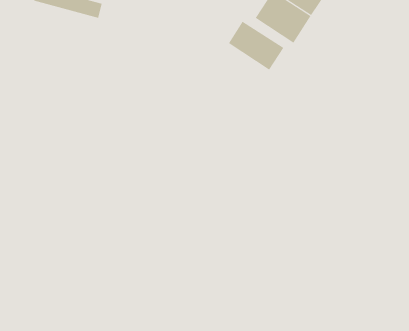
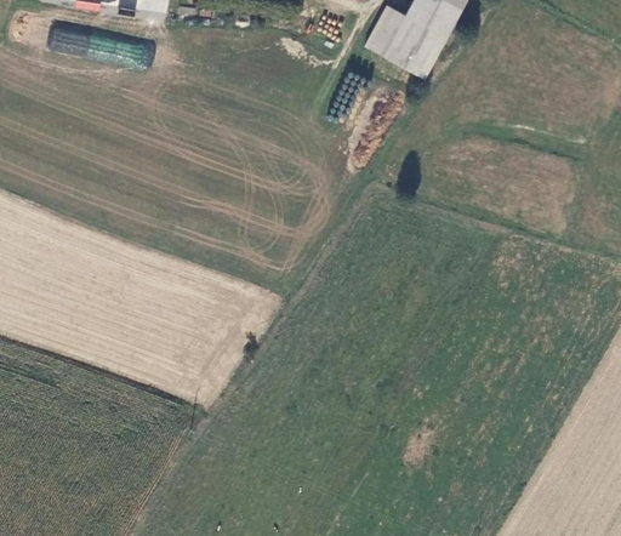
building: [228,21,284,70] -> none

